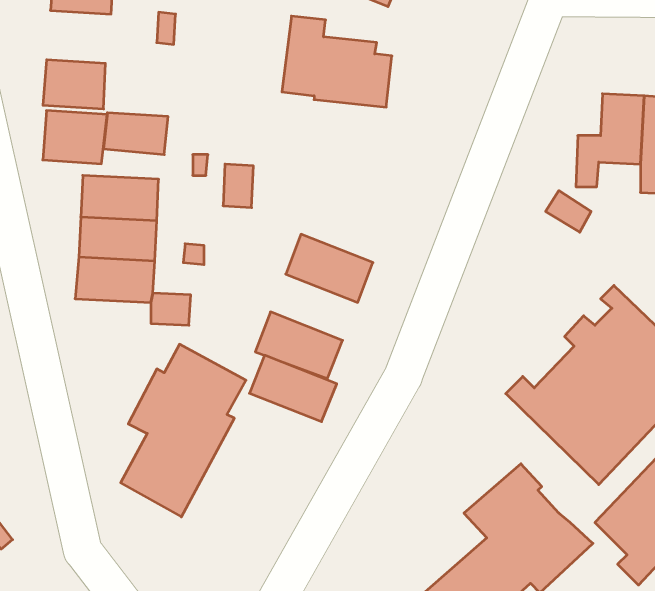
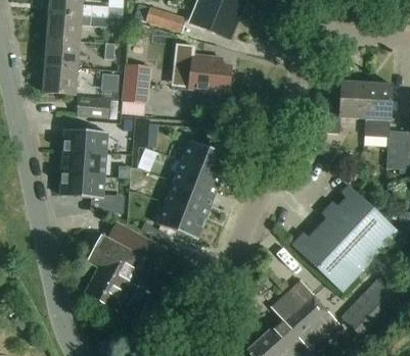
building: none -> [120,60,150,101]
building: [43,111,107,164] -> [44,39,79,67]
building: none -> [181,139,228,174]
building: [249,355,337,422] -> [165,181,212,216]

